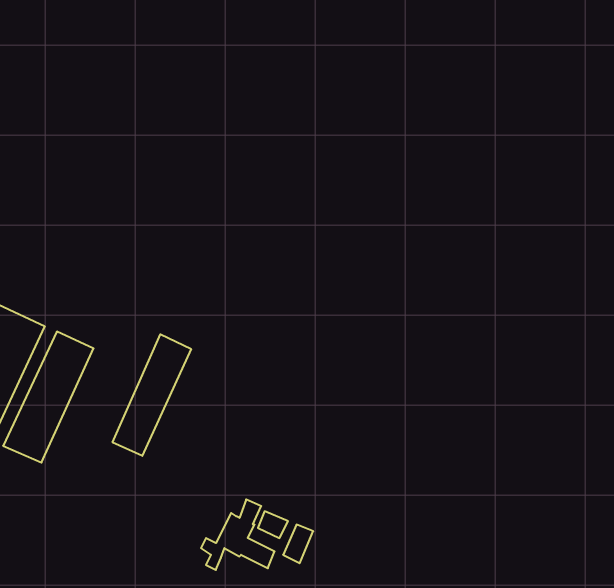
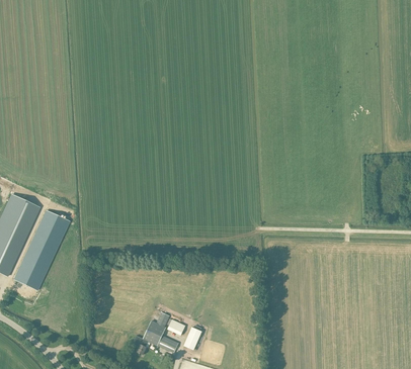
building: [113,334,191,456] -> none

